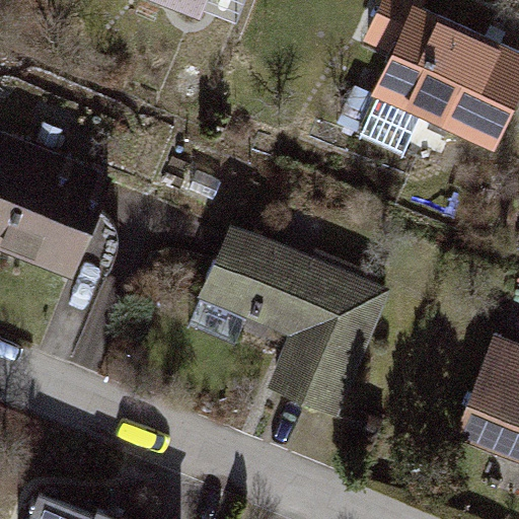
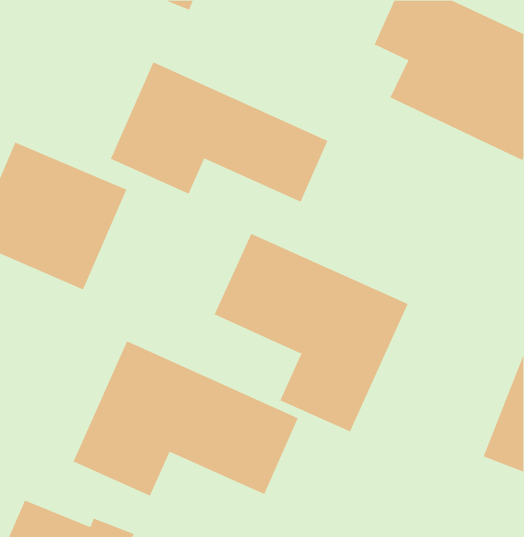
building: none -> [110,62,328,202]
building: none -> [73,340,299,497]

